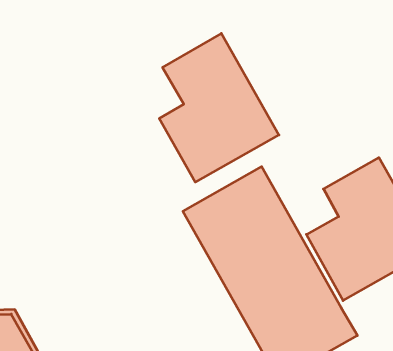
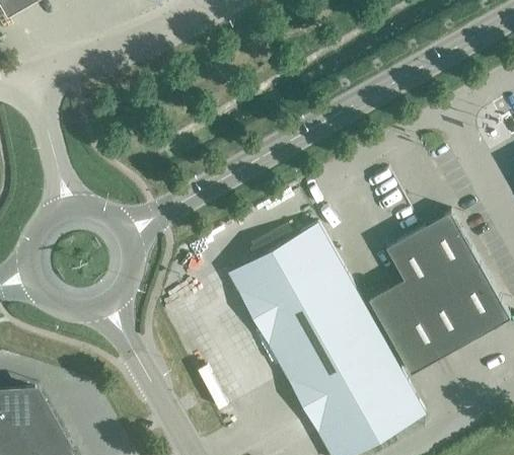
building: [159,33,279,182] -> none

